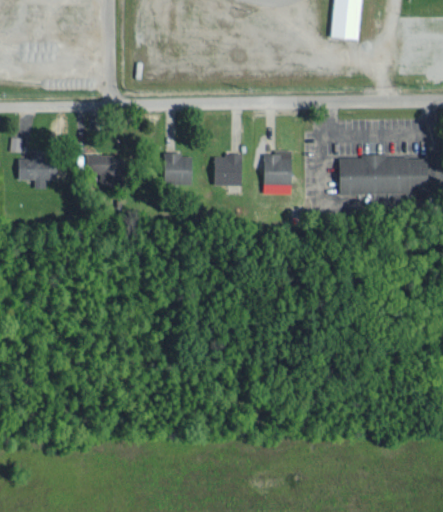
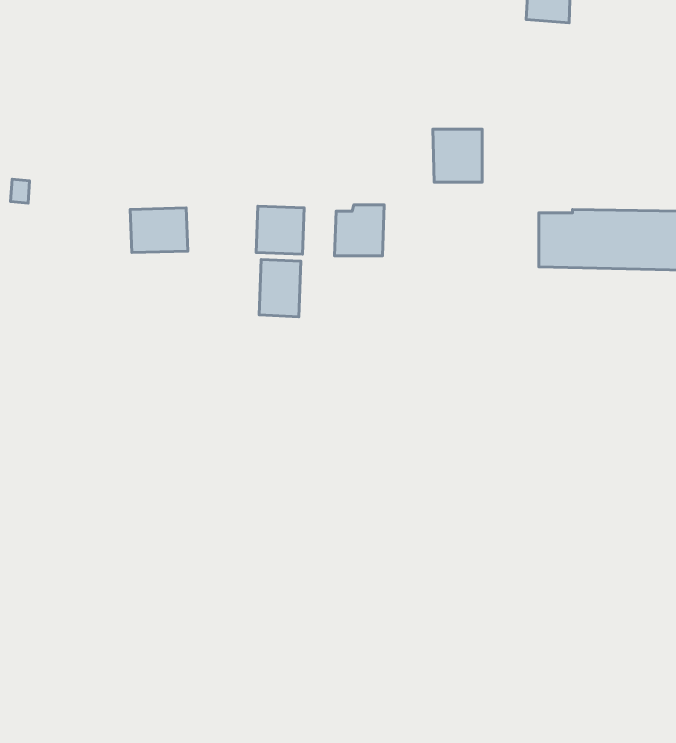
building: [262,154,293,187] -> [433,129,482,182]
building: [16,155,57,190] -> none
building: none -> [259,259,301,317]

